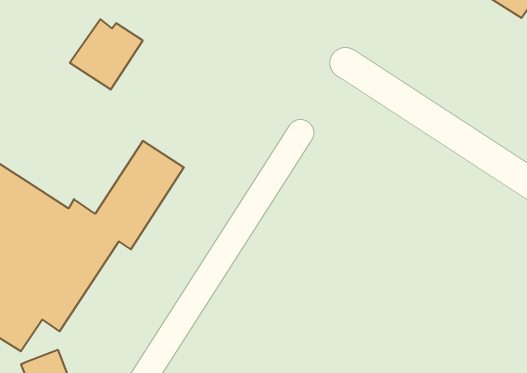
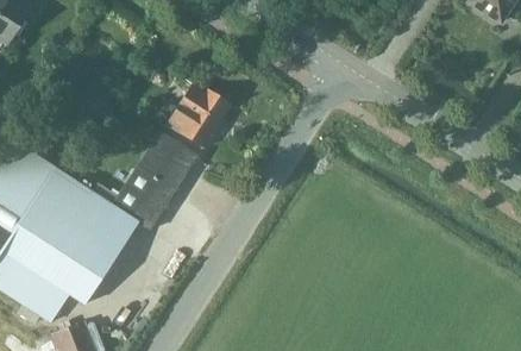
building: [70,19,143,89] -> [163,83,228,146]

